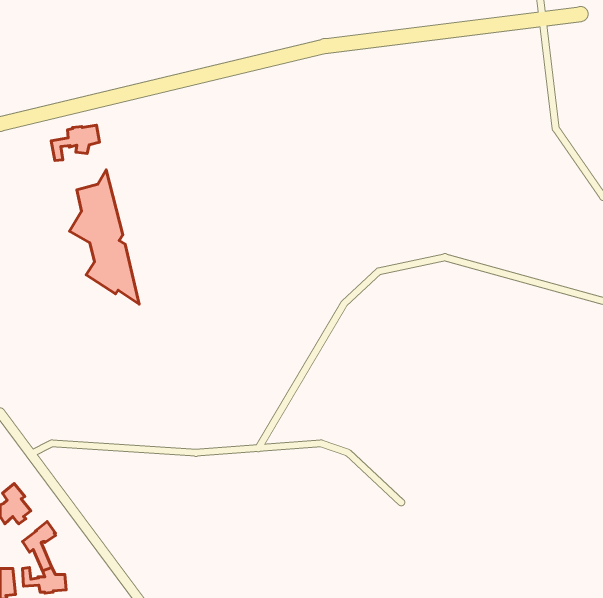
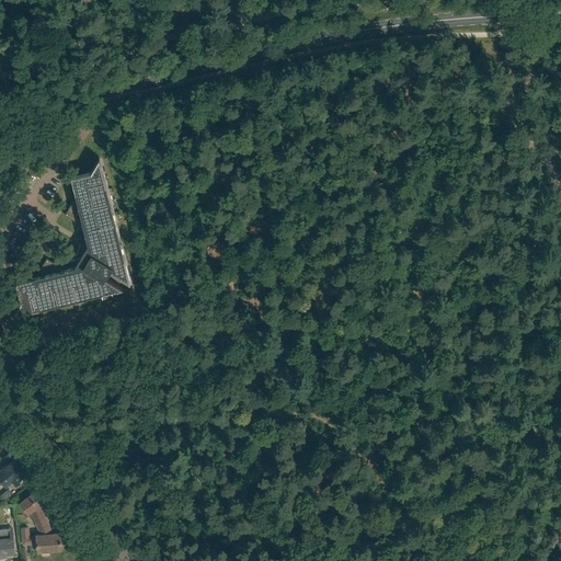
building: [51,125,99,160] -> none
building: none -> [13,260,122,319]

